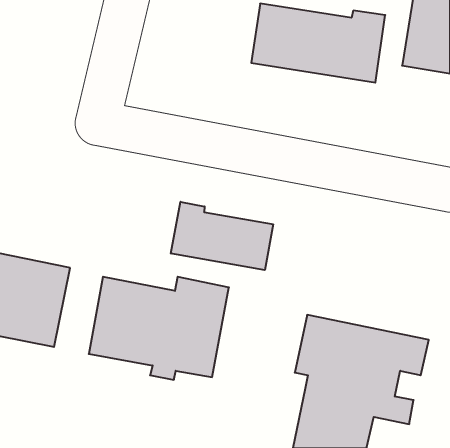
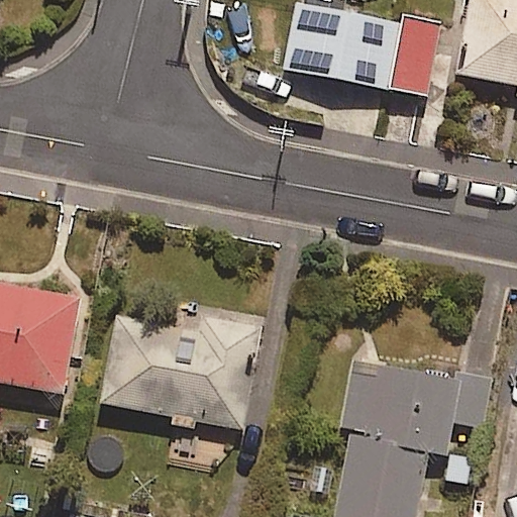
building: [171,202,273,270] -> none

